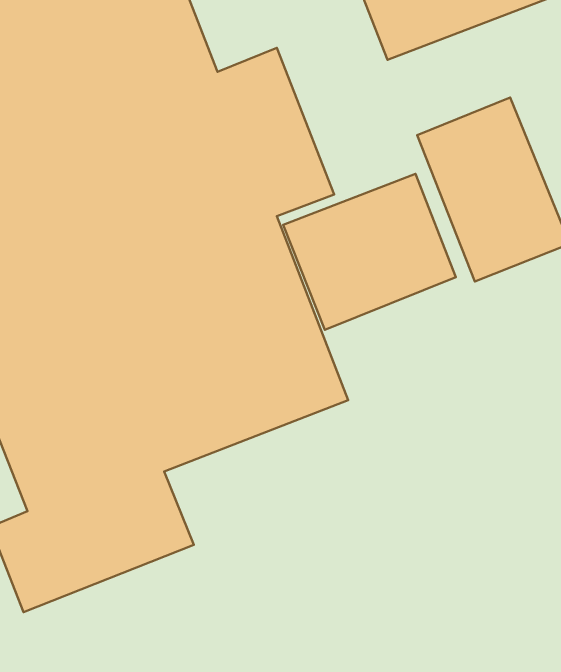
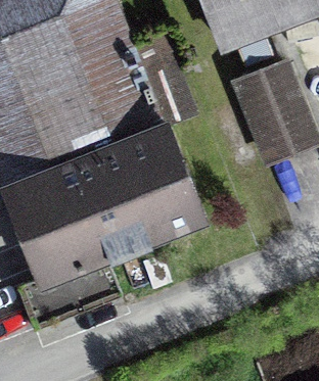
building: [283,174,456,330] -> none

